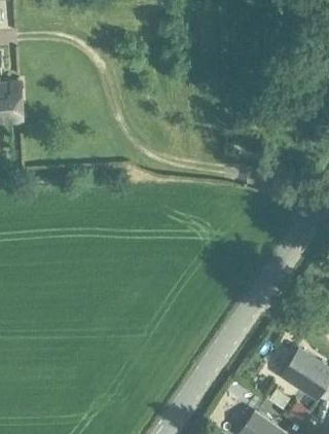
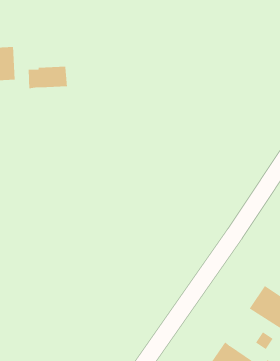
building: none -> [28,66,67,89]

